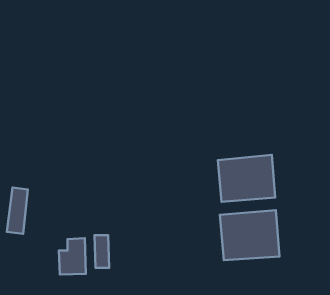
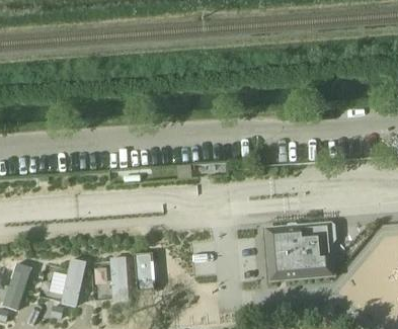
building: [218,155,275,202] -> none
building: [7,188,28,234] -> [61,258,83,307]

